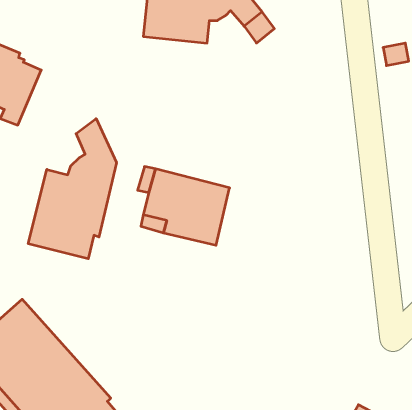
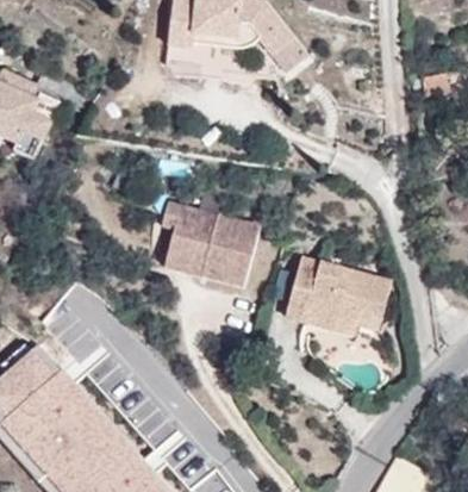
building: [28,119,116,259] -> none
building: none -> [285,257,391,329]

